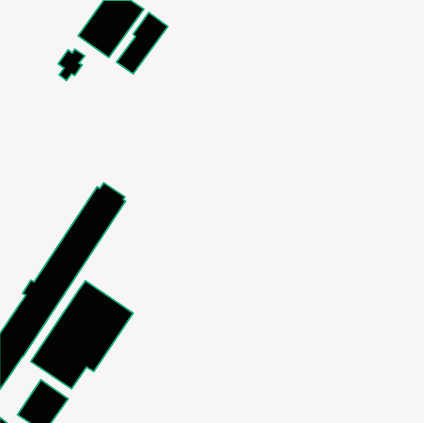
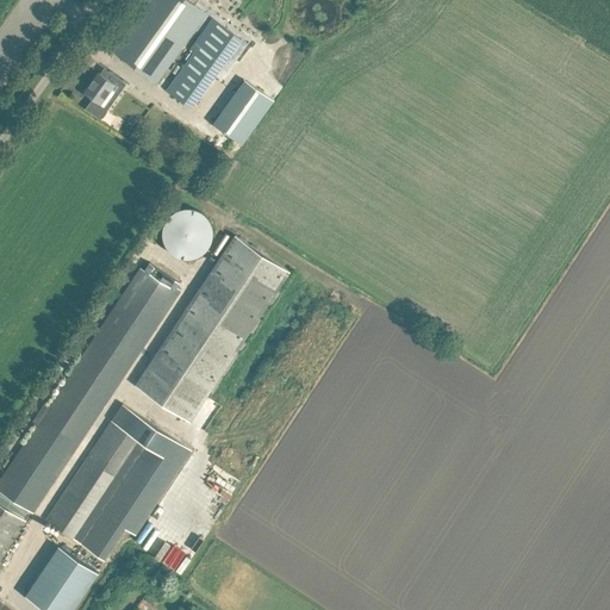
building: none -> [213,81,274,145]
building: none -> [158,206,214,263]
building: none -> [135,236,291,423]

